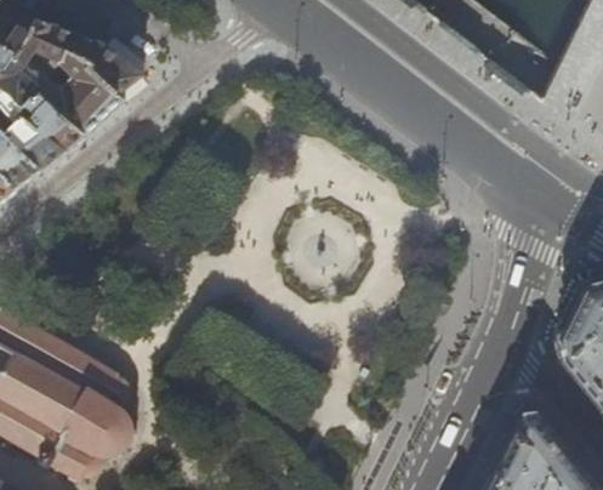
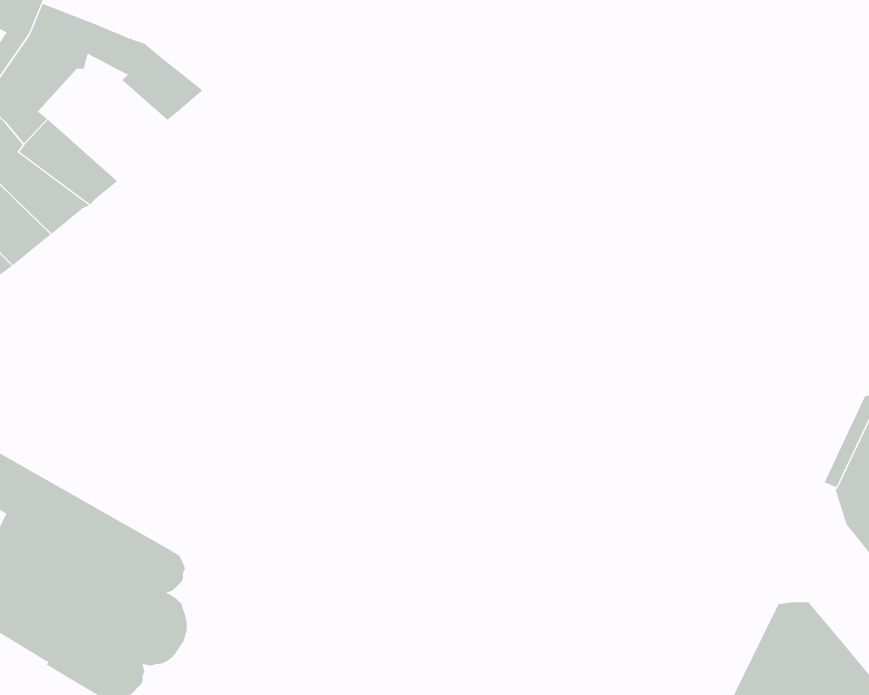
building: [33,52,123,136] -> none

